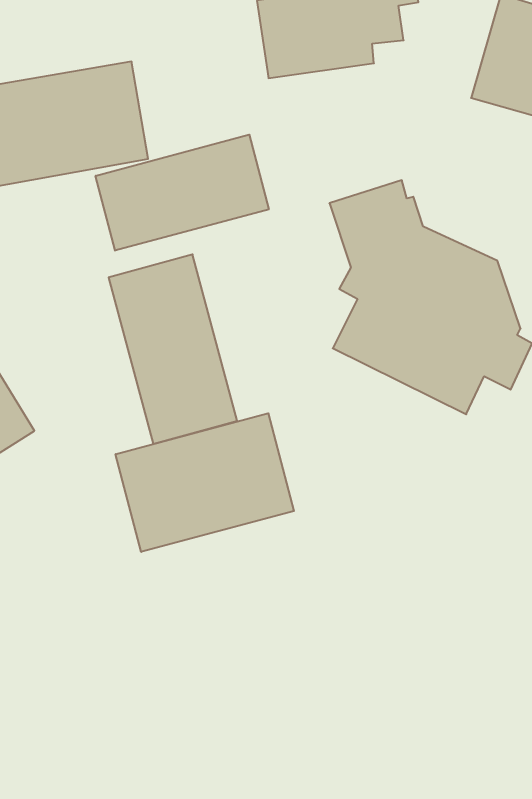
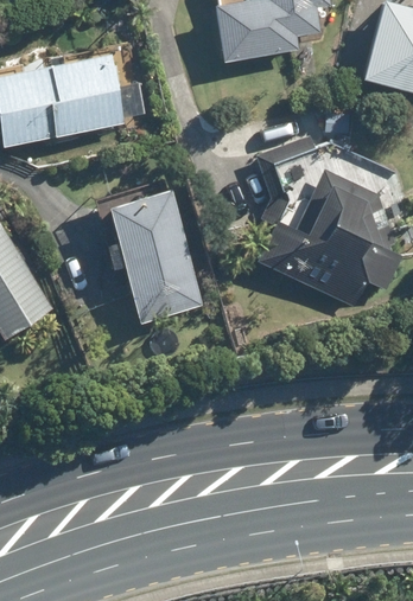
building: [96,135,269,251] -> none
building: [116,413,294,552] -> none

